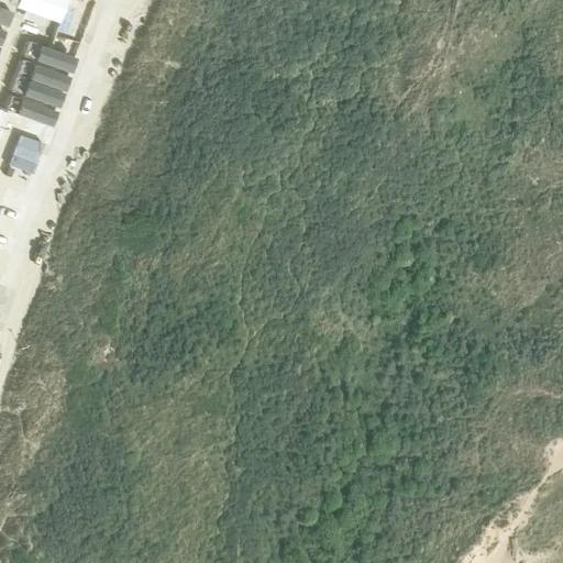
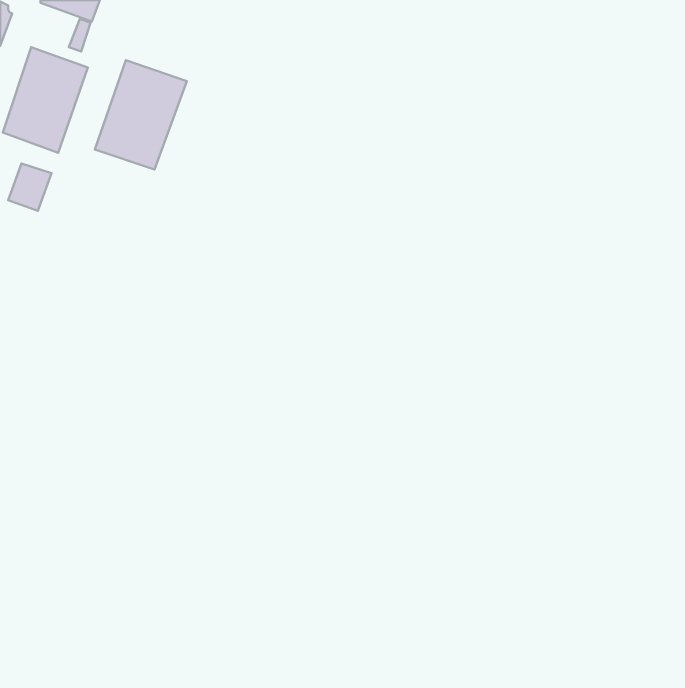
building: none -> [95,60,187,170]

